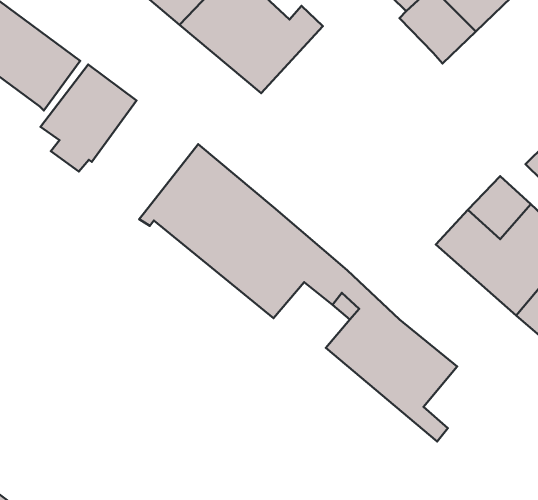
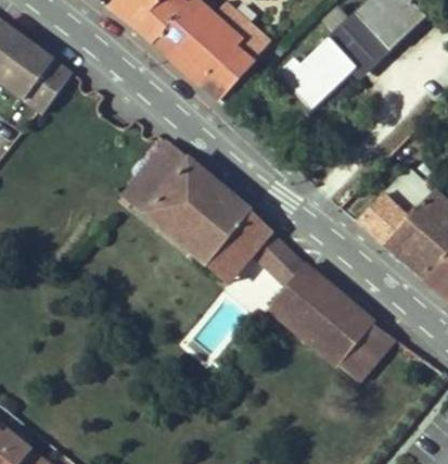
building: none -> [279,38,357,106]
building: [41,65,136,171] -> none
building: none -> [349,321,398,371]

